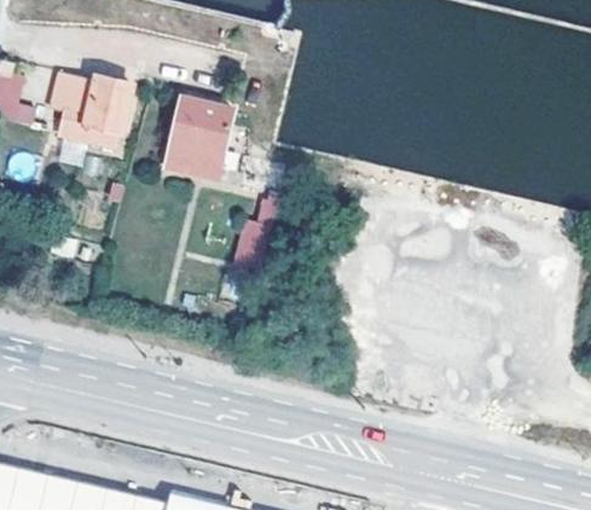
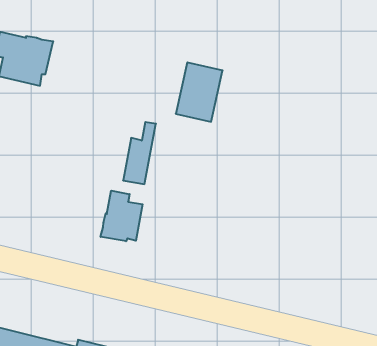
building: [169,99,233,180] -> [176,62,223,122]
building: none -> [101,191,143,241]

